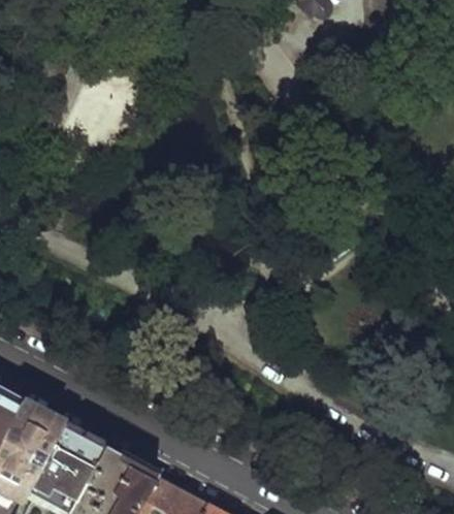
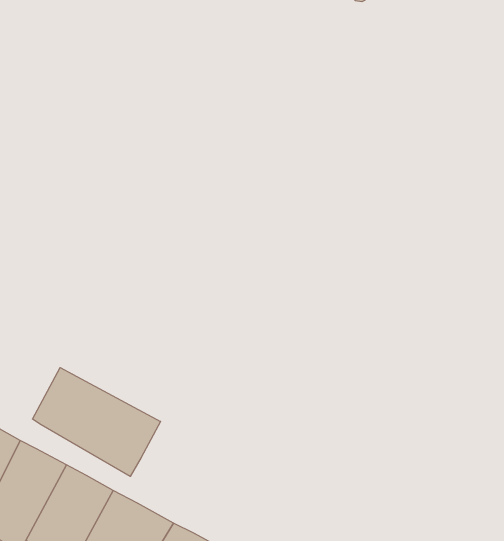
building: none -> [32,368,161,476]

